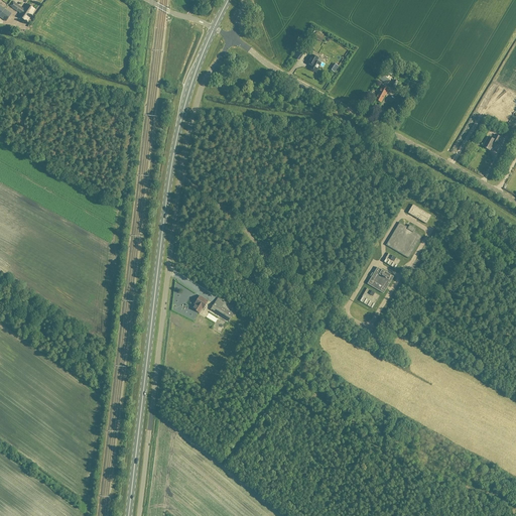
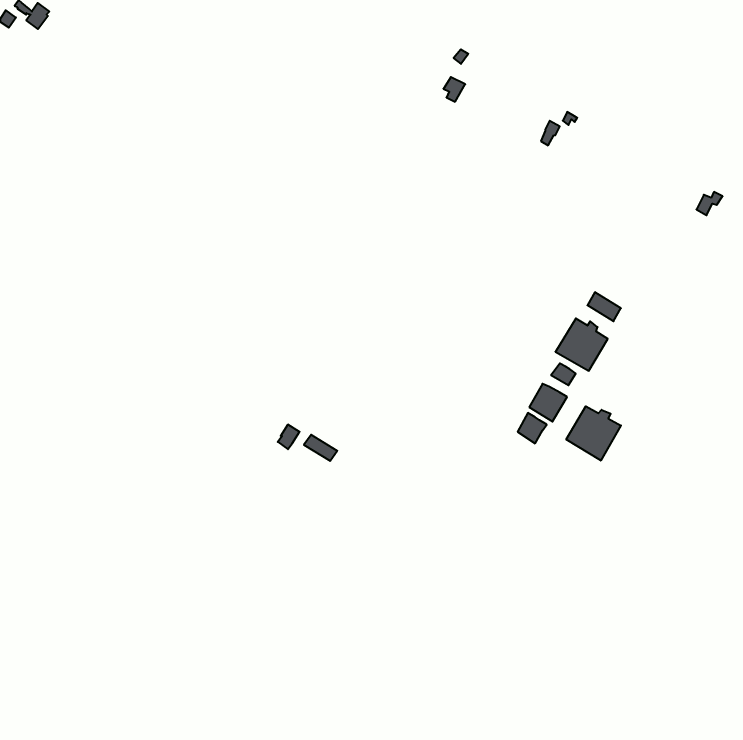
building: none -> [566,406,621,461]

